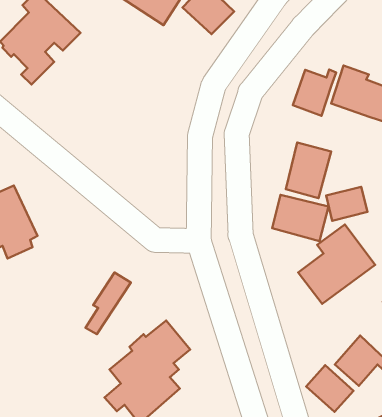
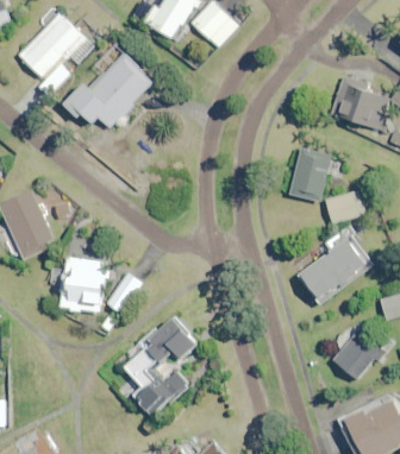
building: none -> [64,53,155,132]
building: [293,69,336,116] -> none
building: [272,195,329,241] -> none
building: none -> [49,257,106,313]
building: [306,365,353,412] -> none

